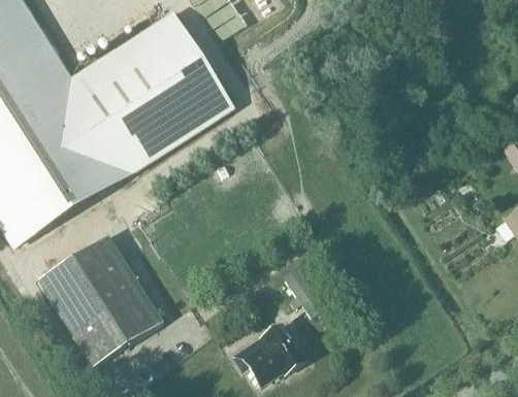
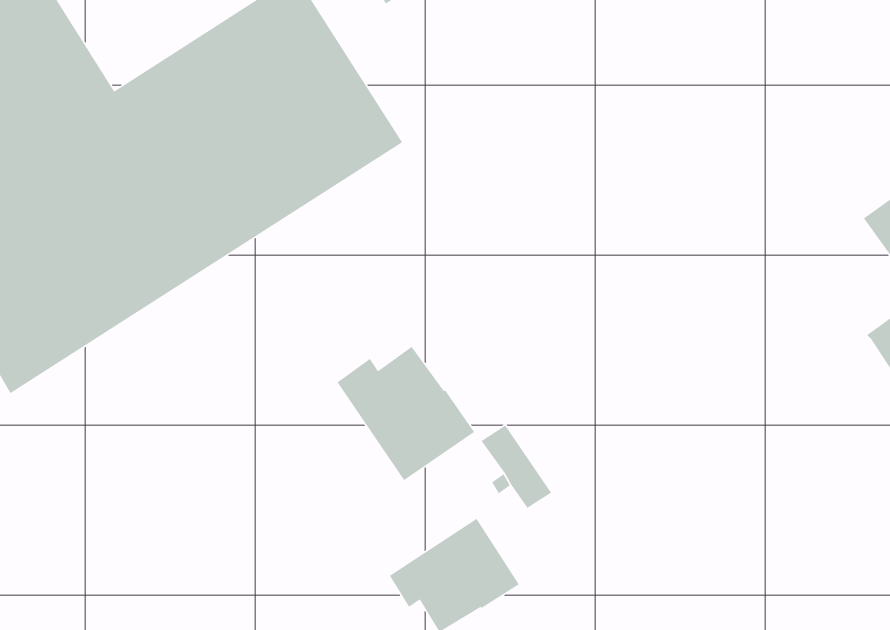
building: none -> [337,346,475,481]
building: [36,235,162,366] -> none

